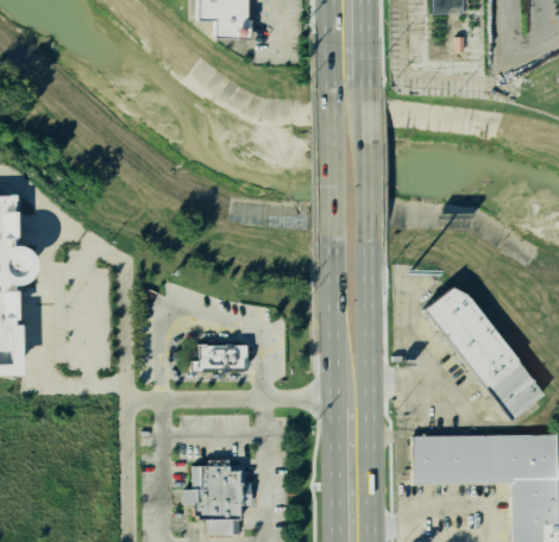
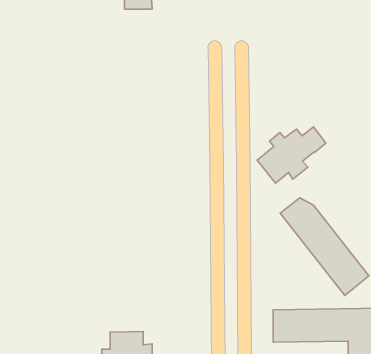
building: none -> [257,127,326,183]
building: [194,342,250,370] -> none

